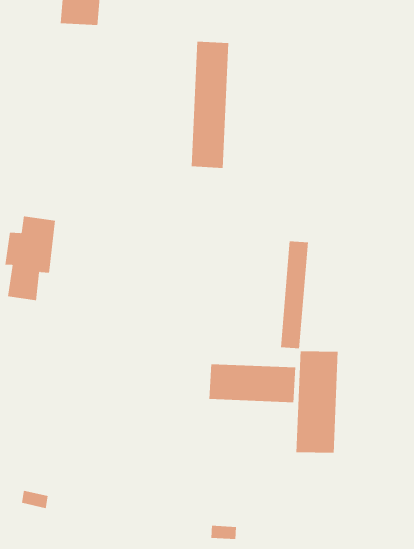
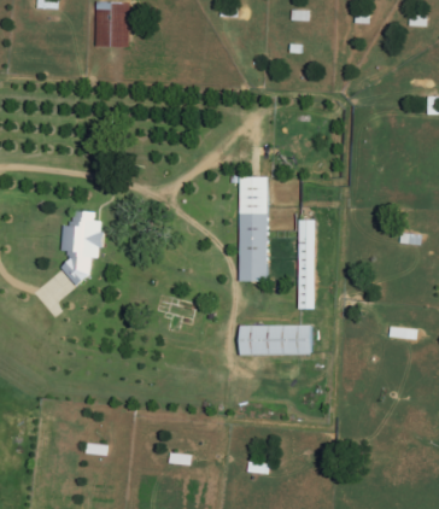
building: [191,41,229,168] -> [239,175,268,281]
building: [296,350,338,454] -> none

